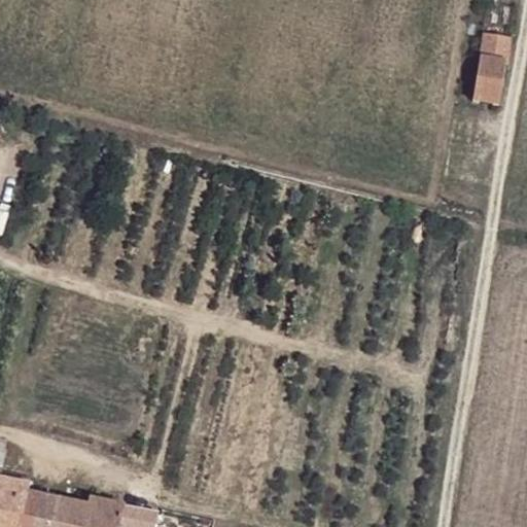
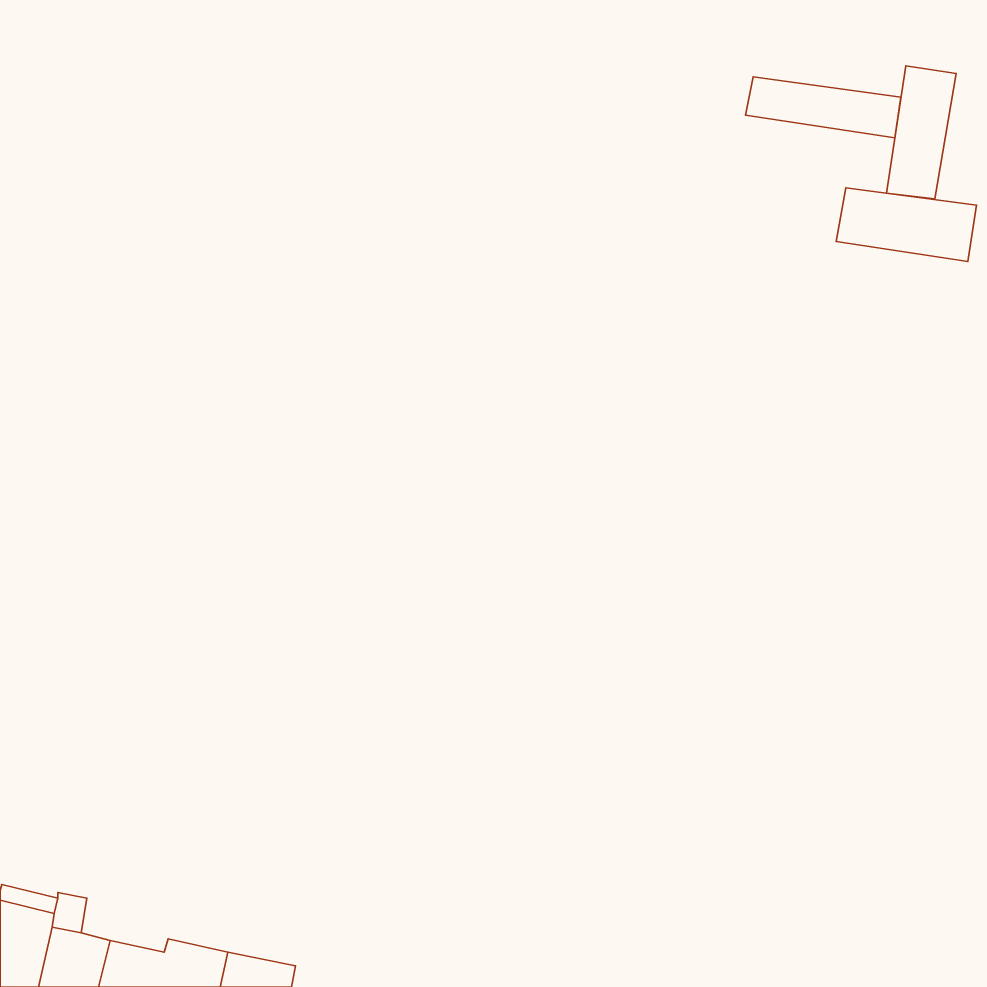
building: none -> [746,77,901,138]
building: none -> [836,188,976,262]

